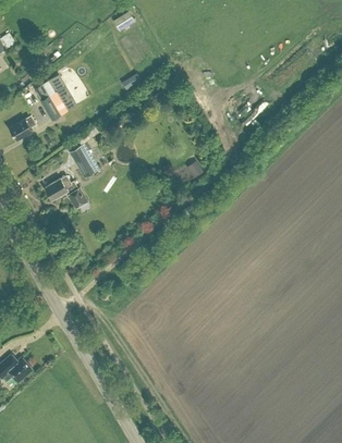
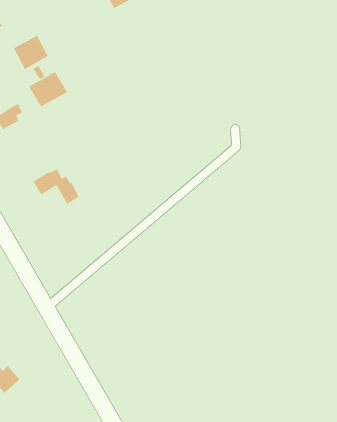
building: none -> [13,34,49,70]
building: [69,140,98,177] -> none

